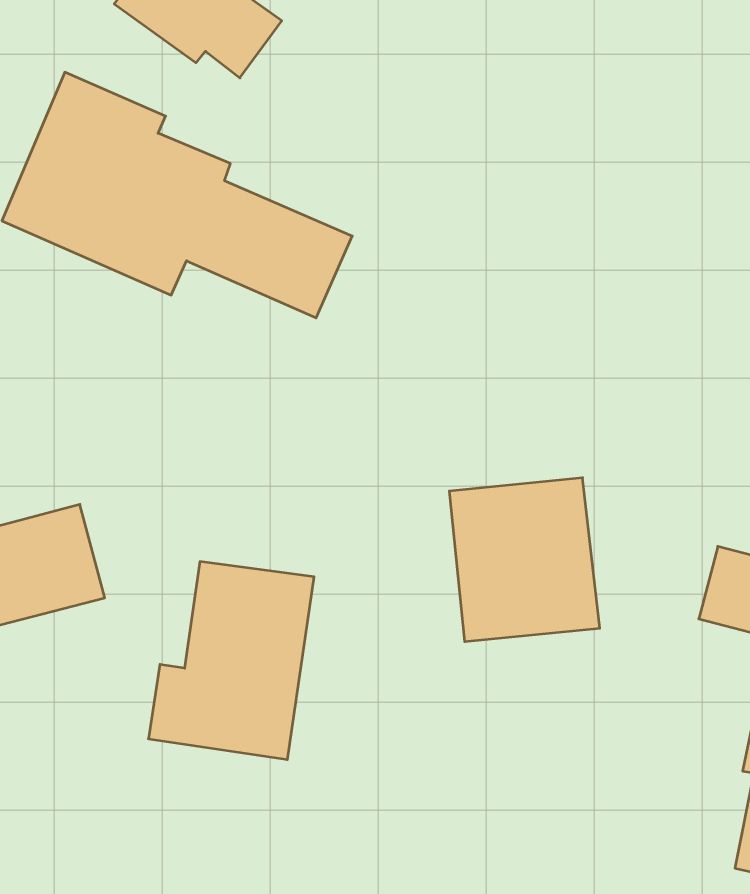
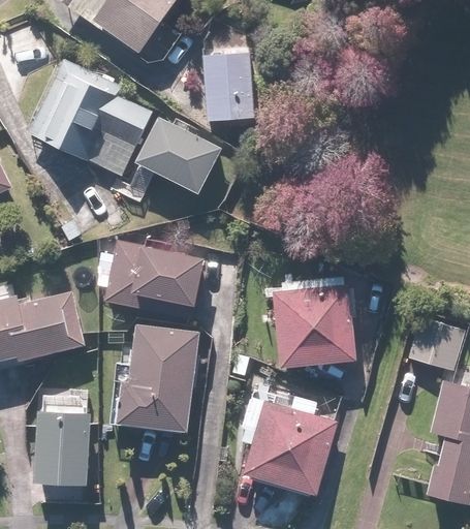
building: none -> [201,52,256,123]
building: none -> [105,238,203,316]
building: none -> [34,392,91,486]
building: none -> [240,400,337,494]

